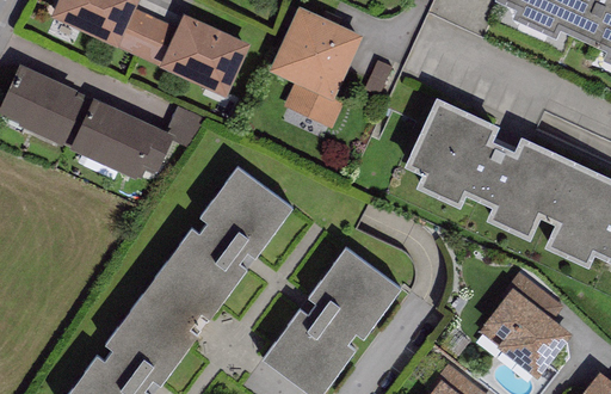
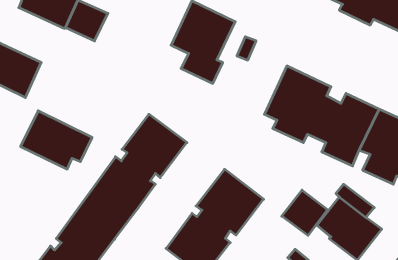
building: [159,13,248,94] -> none
building: [68,97,171,180] -> [21,111,92,169]
building: none -> [282,190,328,235]

